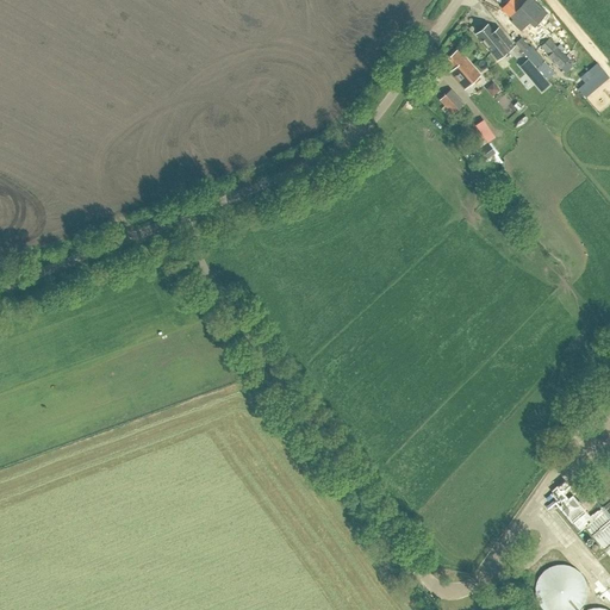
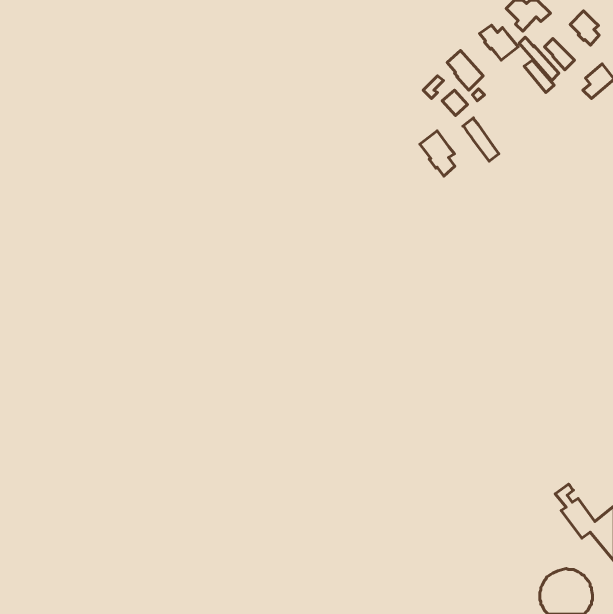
building: none -> [570,11,599,45]
building: none -> [420,131,455,176]

